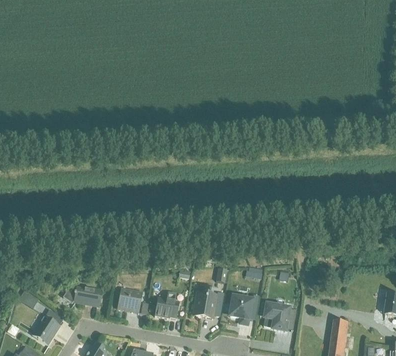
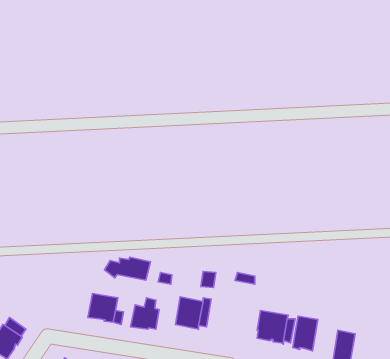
building: [63,285,103,305] -> [105,257,151,280]
building: [229,294,253,324] -> none
building: none -> [293,316,318,351]

